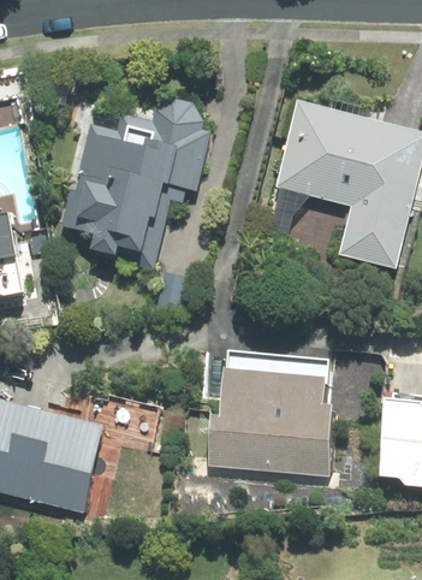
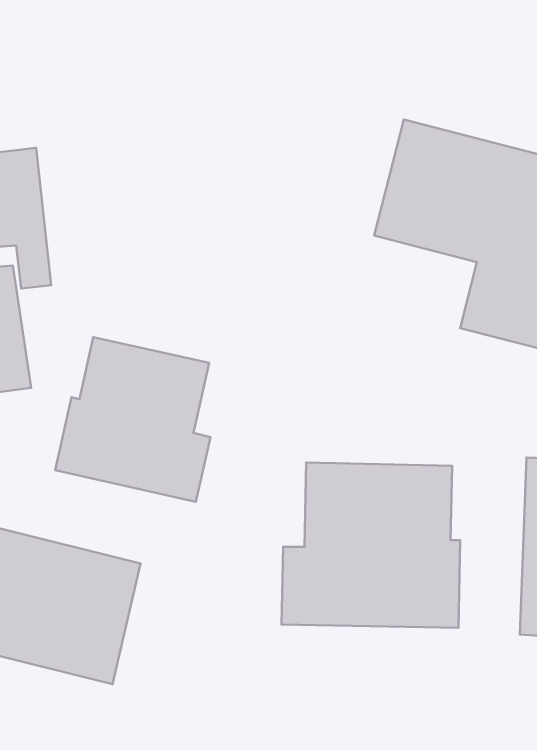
building: [61,99,209,259] -> none
building: none -> [55,337,210,502]

